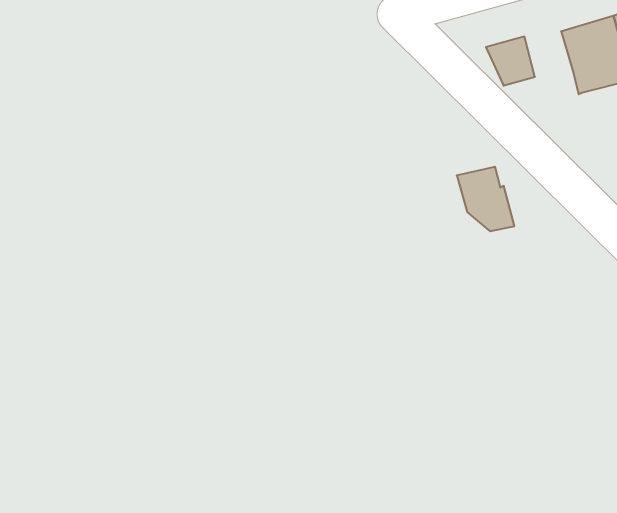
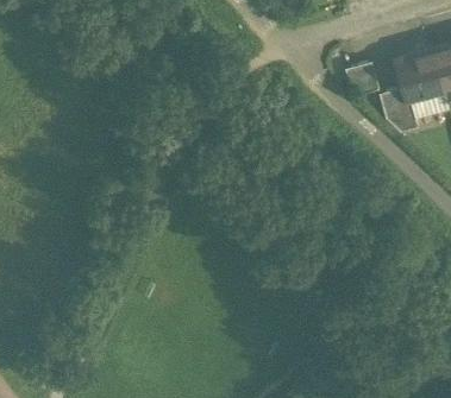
building: [457,167,514,231] -> [378,87,418,131]

